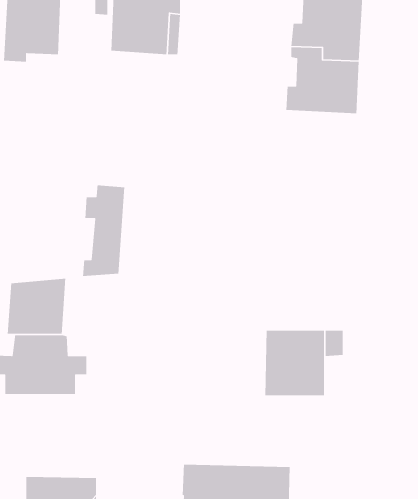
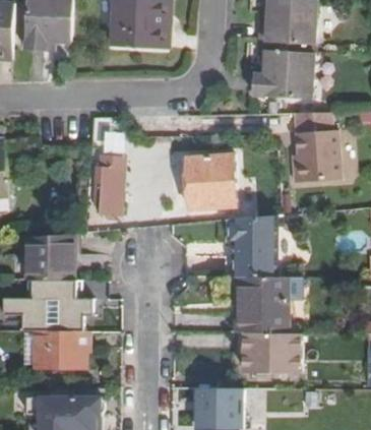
building: none -> [294,114,341,181]
building: none -> [184,158,233,210]
building: none -> [230,214,281,277]
building: none -> [36,330,88,367]
building: none -> [243,330,299,370]

